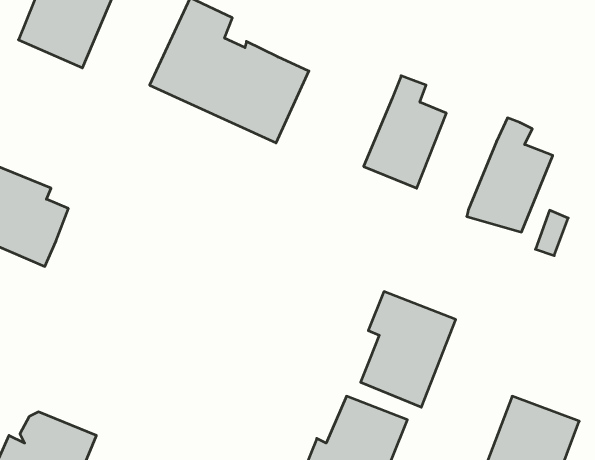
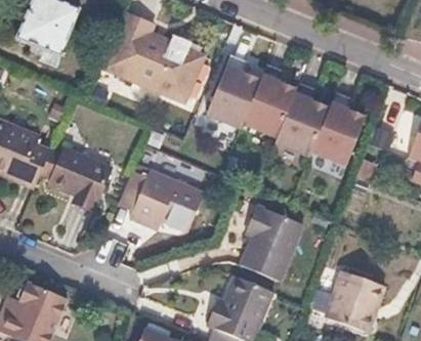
building: none -> [207,54,261,128]
building: none -> [276,82,330,156]
building: none -> [41,148,110,205]
building: none -> [116,170,201,232]

